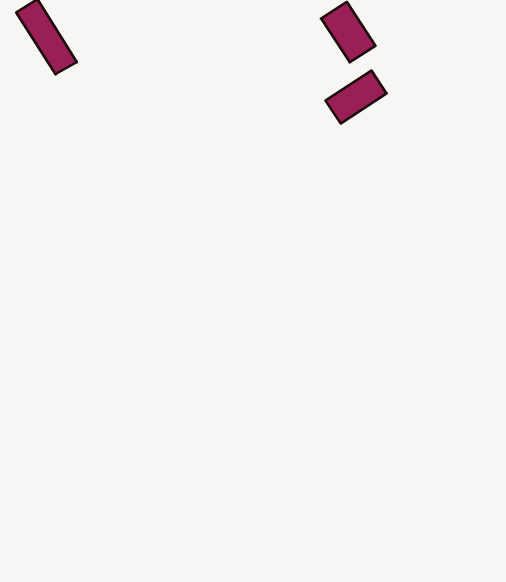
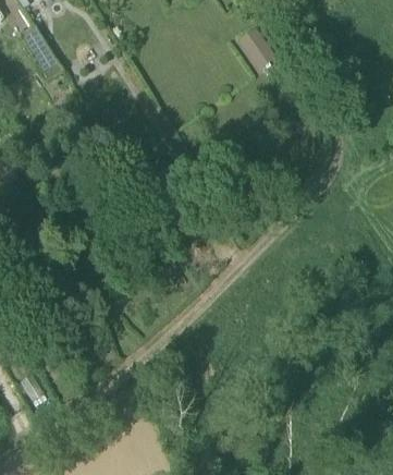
building: [326,71,387,123] -> none

